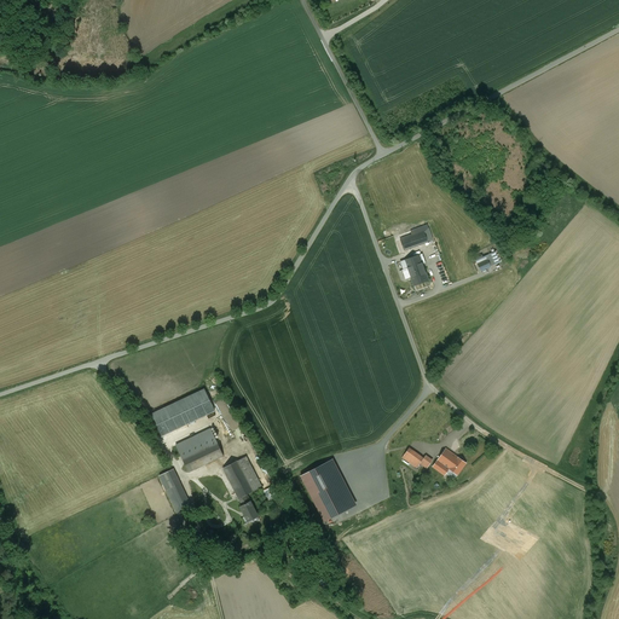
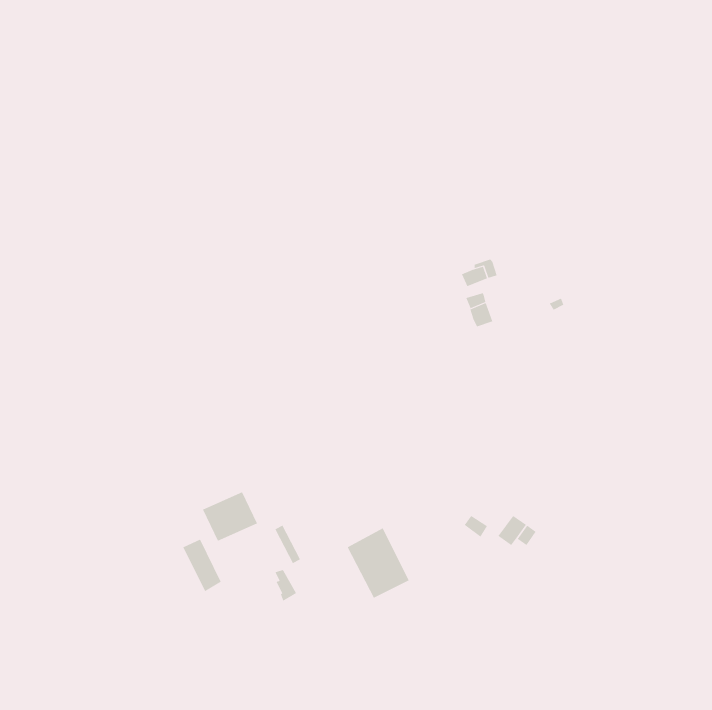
building: [151,387,215,435] -> none
building: [222,459,254,497] -> none

